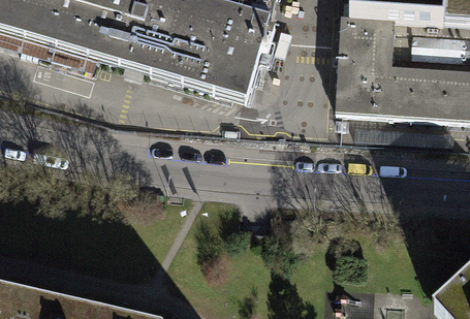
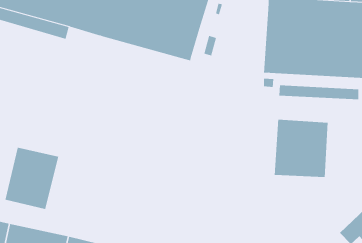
building: none -> [274,119,328,178]
building: none -> [5,147,59,210]

